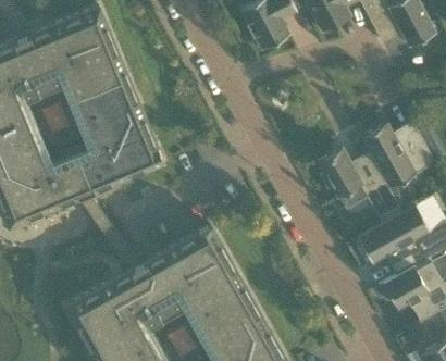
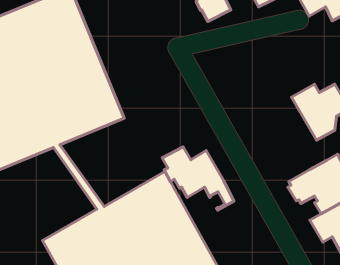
building: [318,149,402,224] -> [162,147,234,210]

